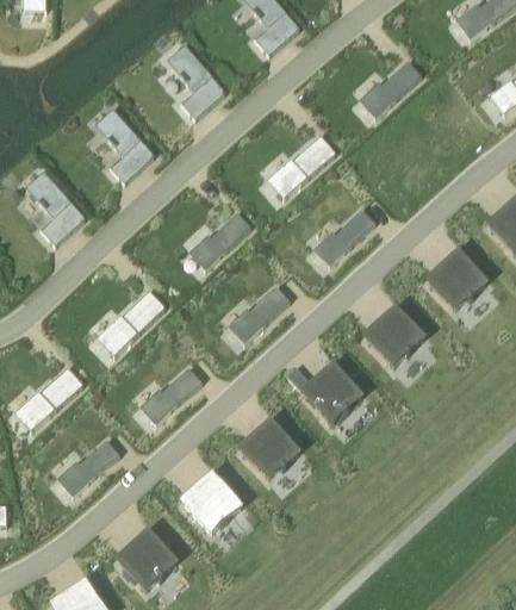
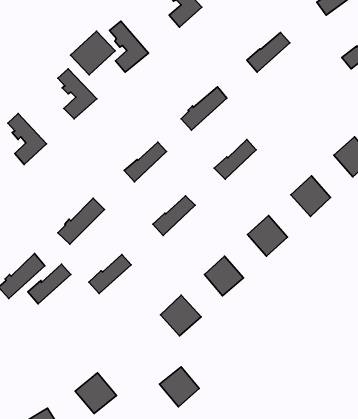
building: none -> [71,31,115,75]
building: [60,438,119,493] -> [28,264,71,304]
building: [184,478,238,533] -> [159,367,199,407]

